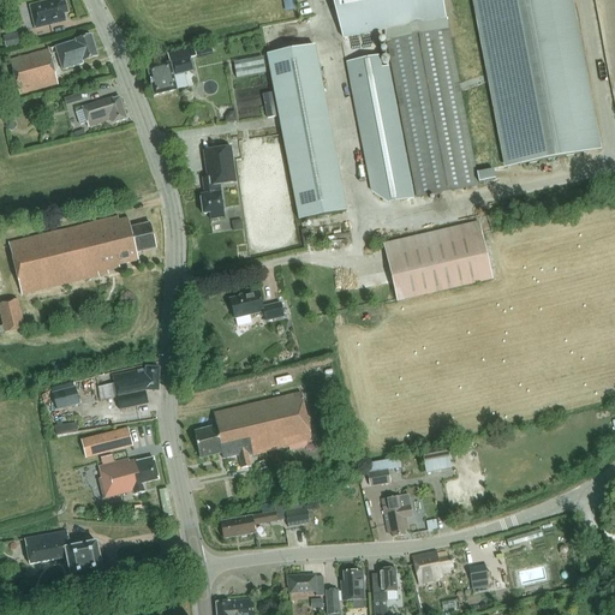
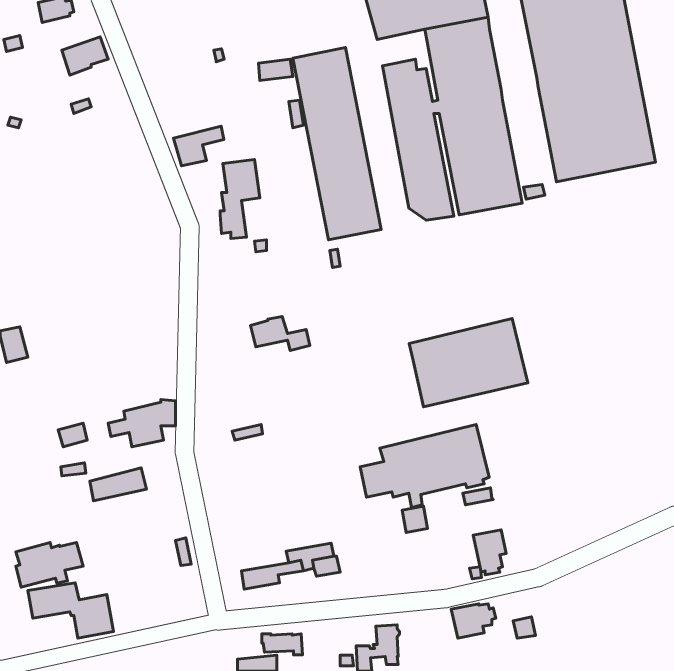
building: [10,48,58,92] -> none
building: [145,56,191,92] -> [174,126,224,166]
building: [83,95,126,125] -> none
building: [10,214,156,293] -> none
building: [383,216,491,297] -> [409,318,528,407]
building: [193,390,311,466] -> [360,425,489,508]
building: [98,456,160,497] -> [16,542,83,587]
building: [381,494,411,535] -> [473,530,506,575]
building: [371,566,396,599] -> none
building: [286,574,323,593] -> [262,634,303,655]

